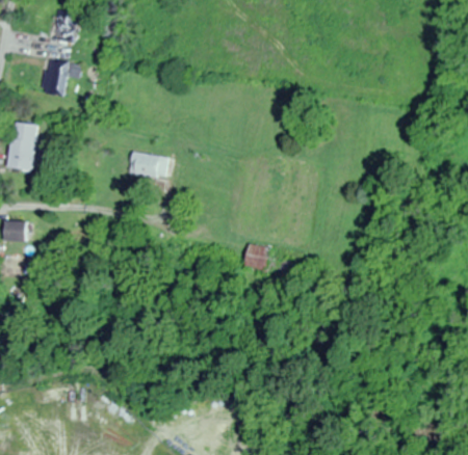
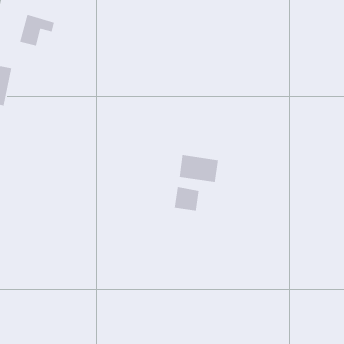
building: [132,155,171,177] -> none
building: none -> [179,154,219,183]

